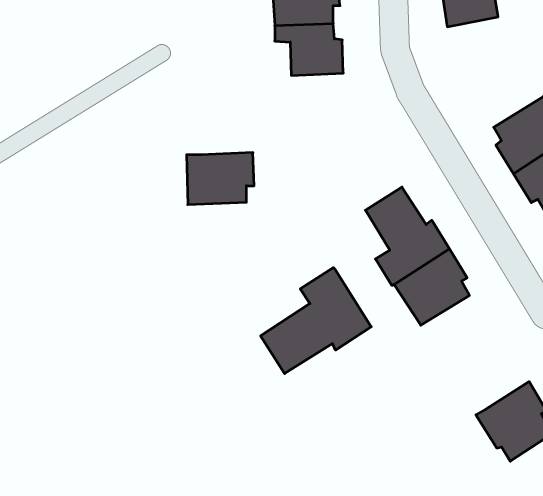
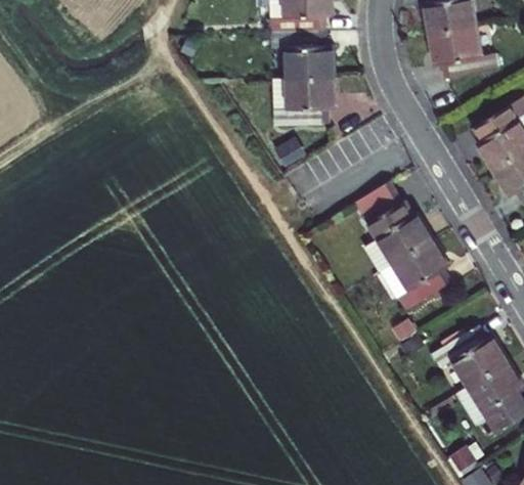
building: none -> [431,24,497,77]
building: [187,153,254,205] -> [273,76,336,124]
building: [261,268,371,374] -> none
building: none -> [433,325,507,387]

